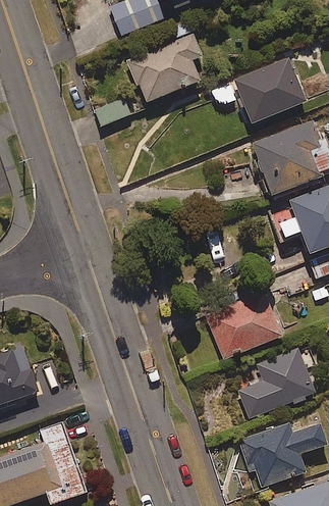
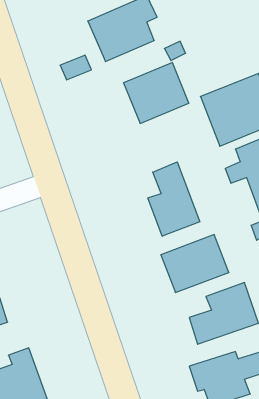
building: [234,57,307,124] -> [123,63,189,123]
building: none -> [148,162,200,236]

